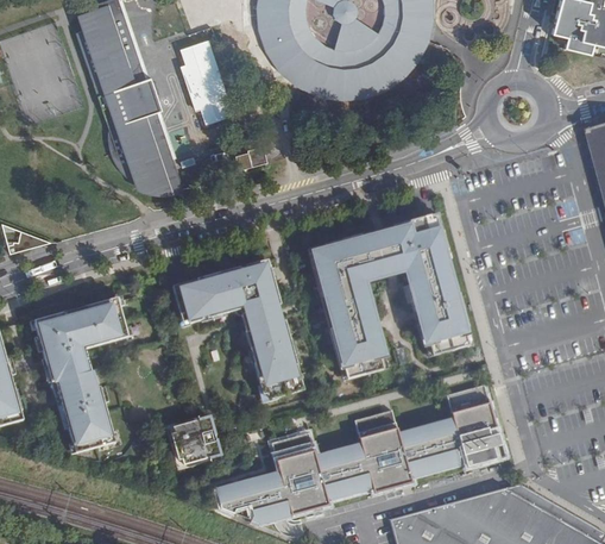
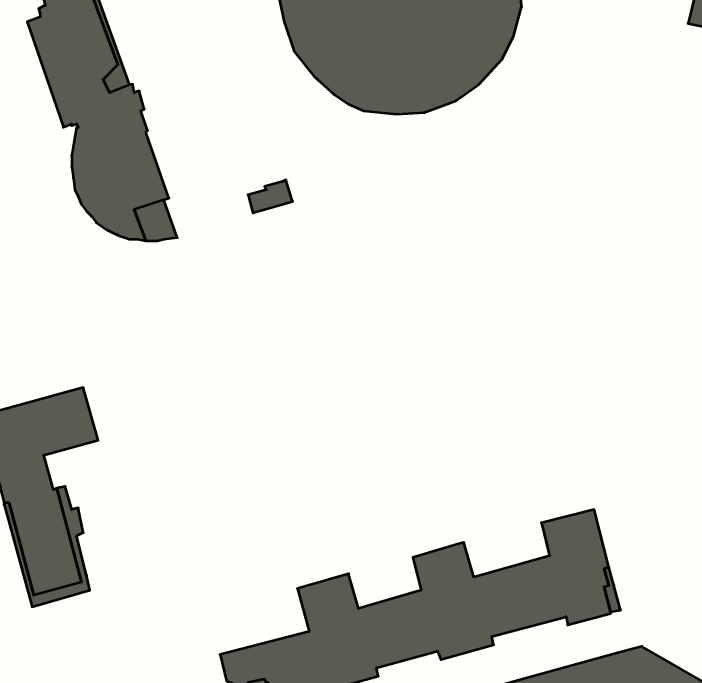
building: [181,39,234,124] -> none
building: [307,219,467,384] -> none
building: [172,258,303,399] -> none
building: [171,417,220,465] -> none

